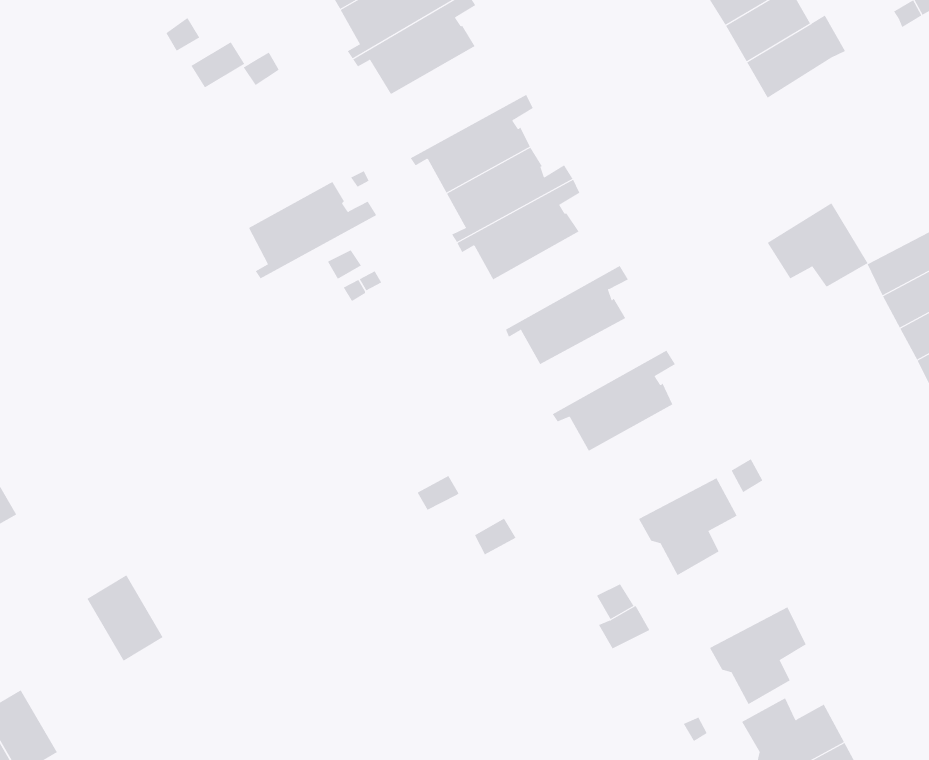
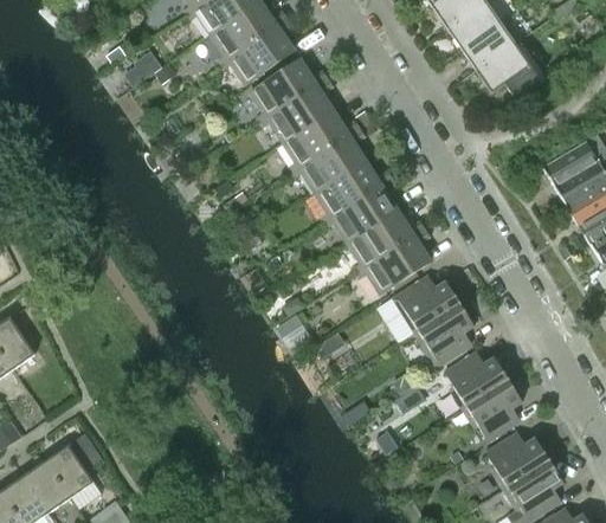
building: [248,181,377,279] -> [251,58,329,121]
building: [767,202,869,288] -> [476,43,539,95]
building: none -> [316,159,393,221]
building: none -> [348,209,425,271]
building: none -> [393,278,460,331]
building: none -> [445,354,509,407]
building: [86,574,164,662] -> [45,444,94,497]

